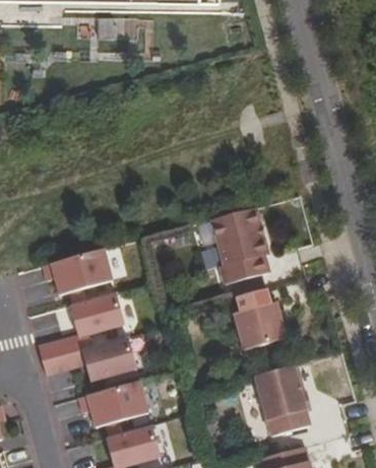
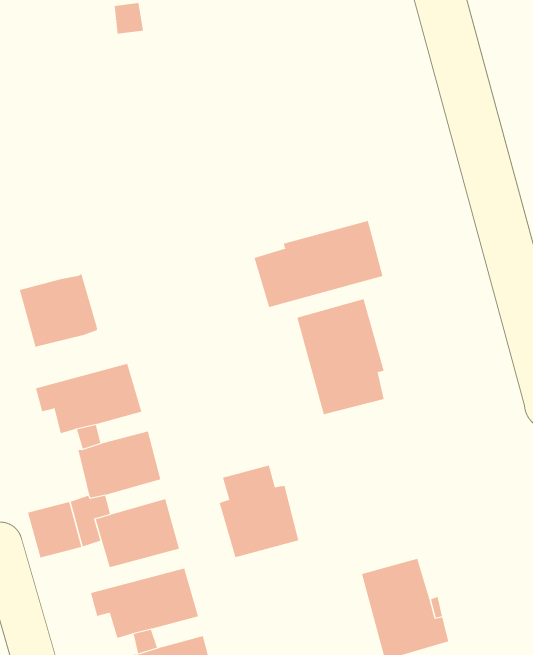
building: none -> [254,220,383,308]
building: none -> [19,273,98,348]
building: [234,288,286,348] -> [219,465,299,558]

